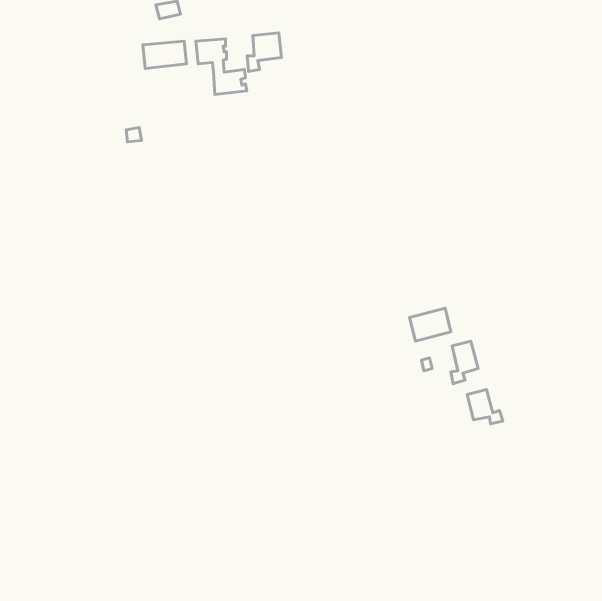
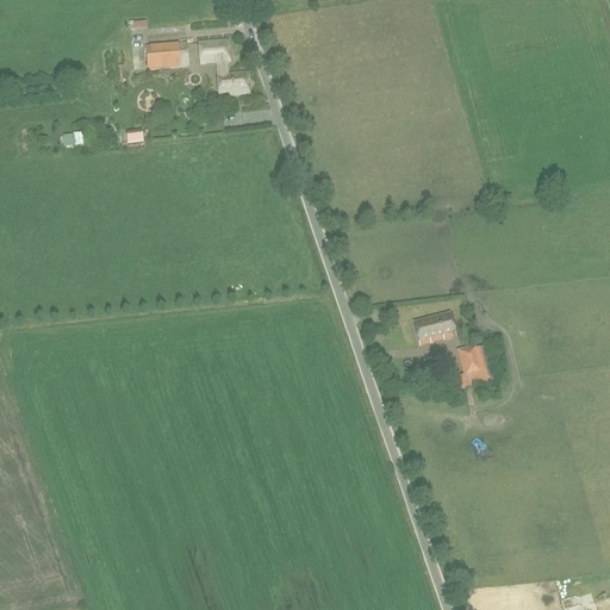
building: [247,33,281,71] -> none
building: [467,390,503,424] -> none

